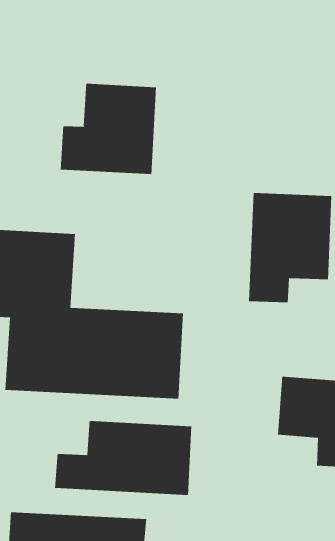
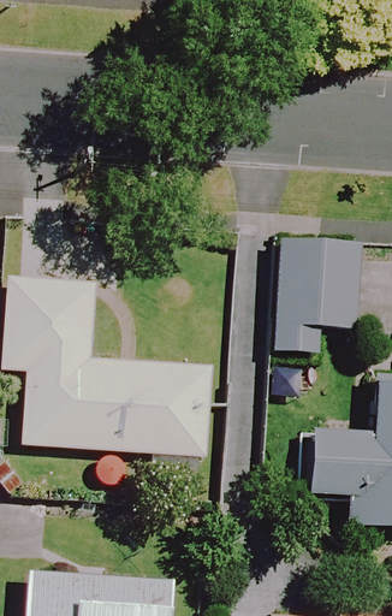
building: [60,83,156,175] -> none
building: [55,420,192,496] -> none

